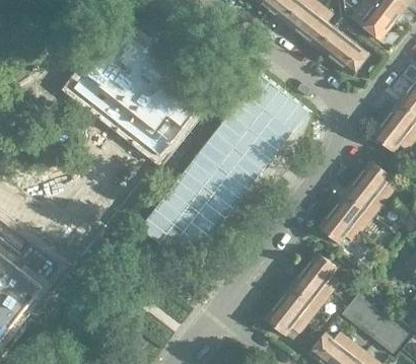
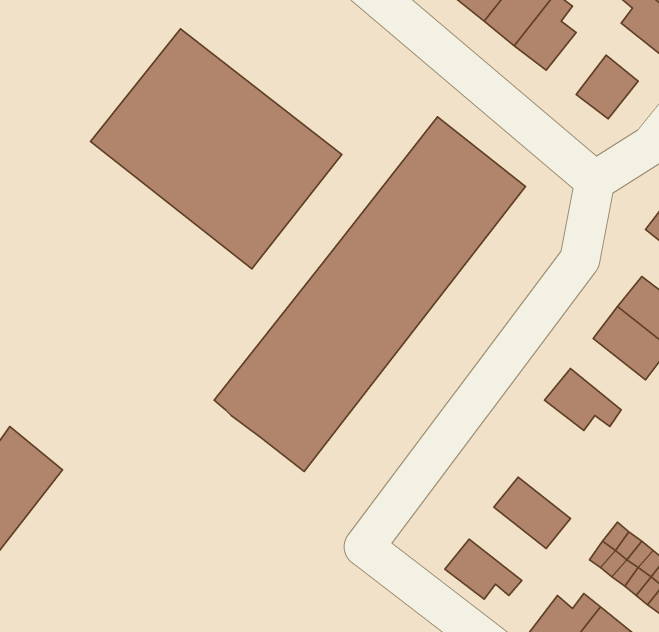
building: [320,28,352,62] -> none
building: [333,194,373,232] -> none
building: [304,251,340,291] -> none
building: [278,285,320,324] -> none

